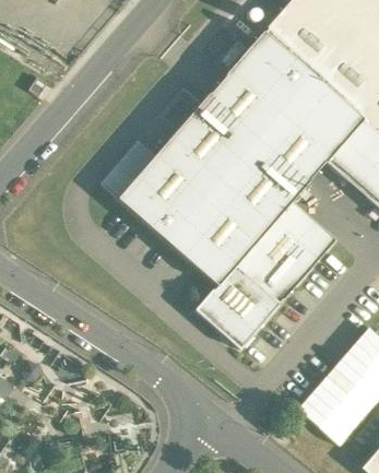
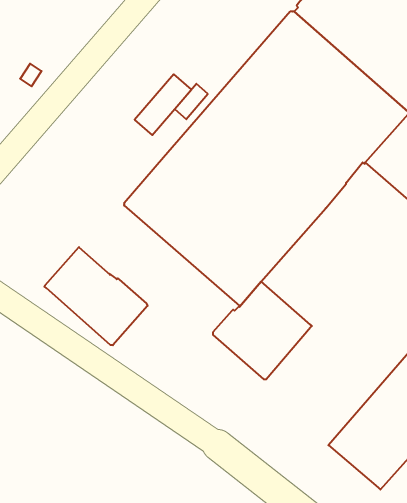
building: [103,144,152,197] -> [135,74,192,135]
building: [236,201,335,301] -> none
building: none -> [44,247,148,345]

